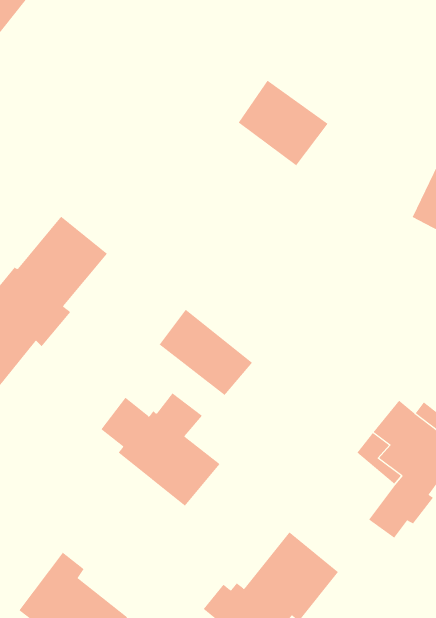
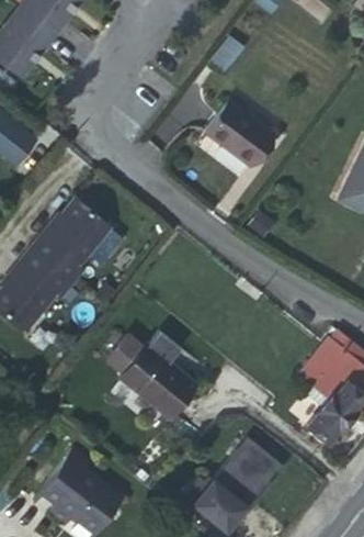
building: [159,309,253,396] -> none

